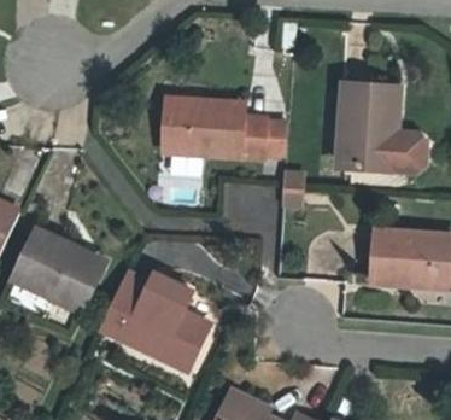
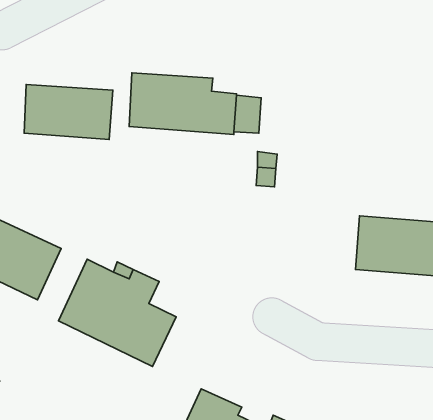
building: [340,83,426,170] -> none
building: none -> [24,84,113,139]

